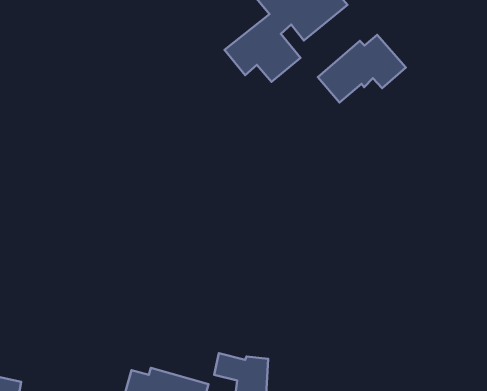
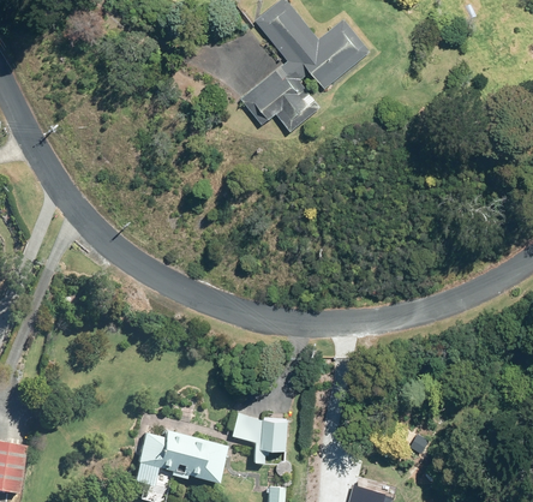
building: [318,35,406,102] -> none

